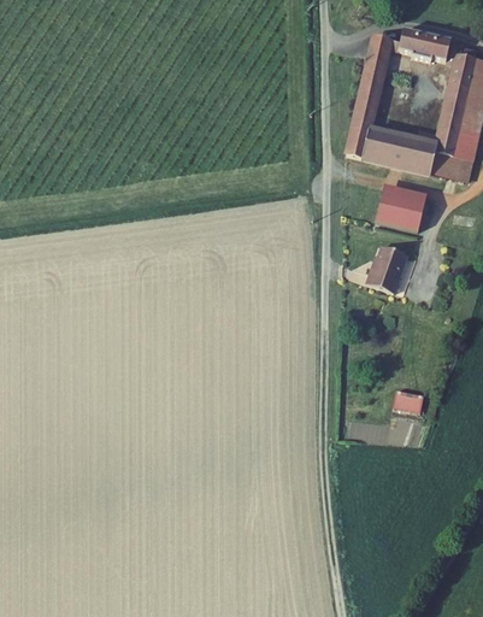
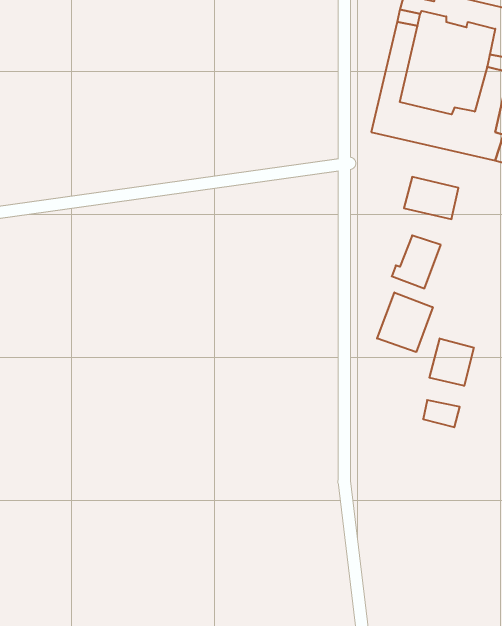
building: none -> [377,292,433,352]
building: none -> [429,338,474,386]

